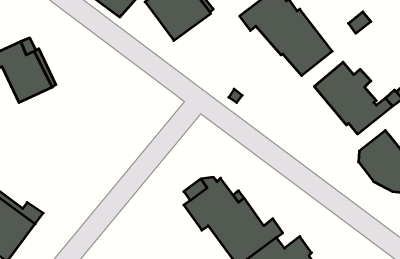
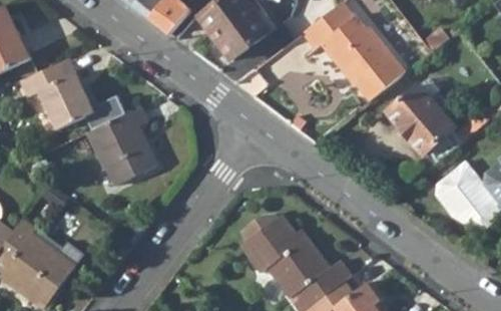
building: none -> [87,108,156,186]

